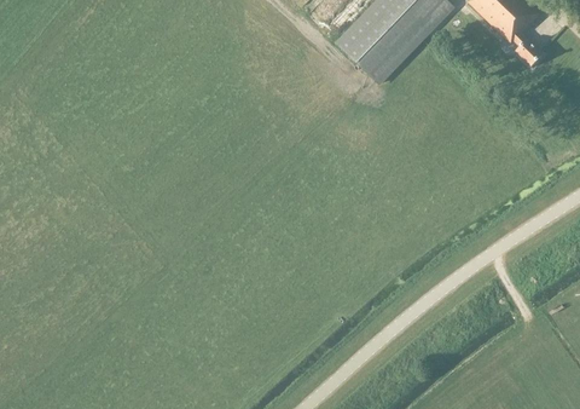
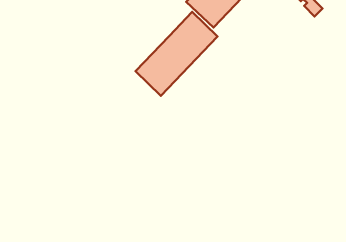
building: none -> [136,12,218,96]

